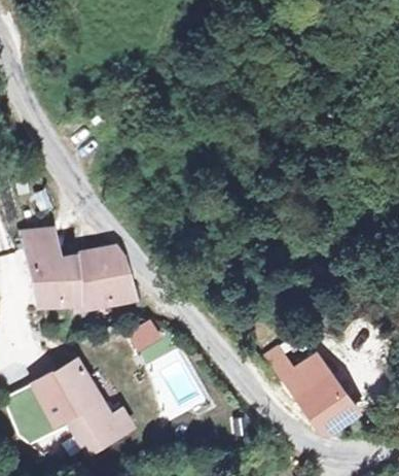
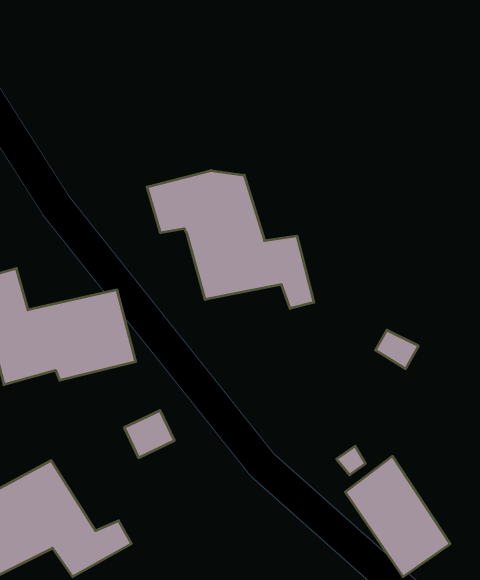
building: none -> [147,170,314,309]

